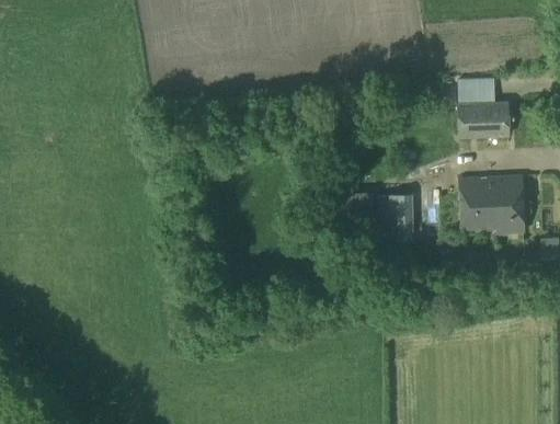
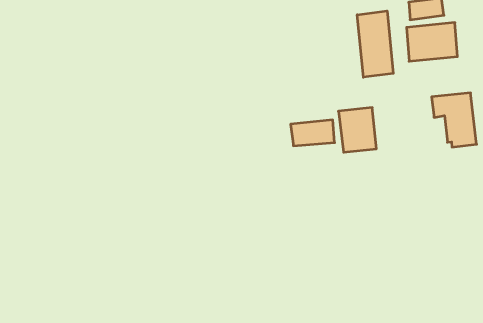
building: none -> [357,11,393,77]
building: [459,179,492,229] -> none

